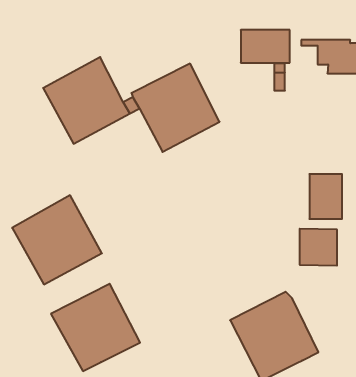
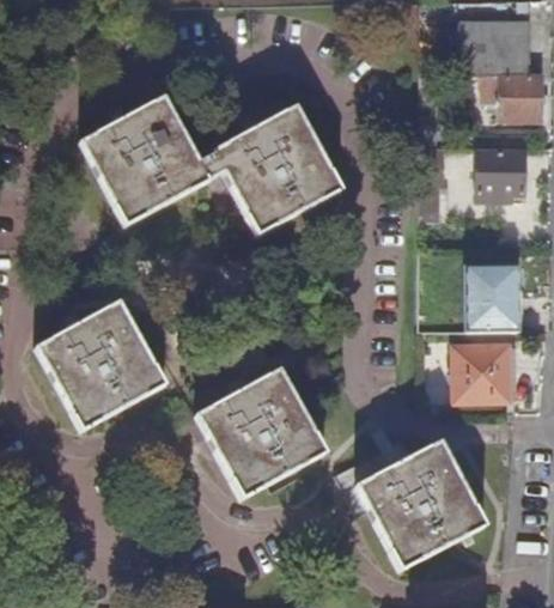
building: [241,30,290,63] -> [458,23,530,71]
building: none -> [477,150,524,201]
building: [51,284,140,371] -> [195,366,325,494]

